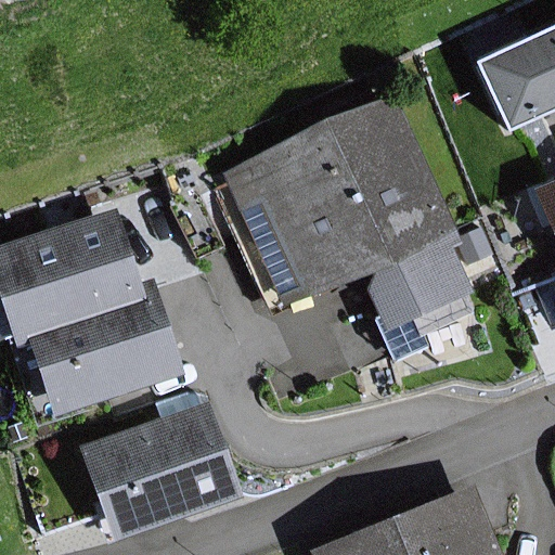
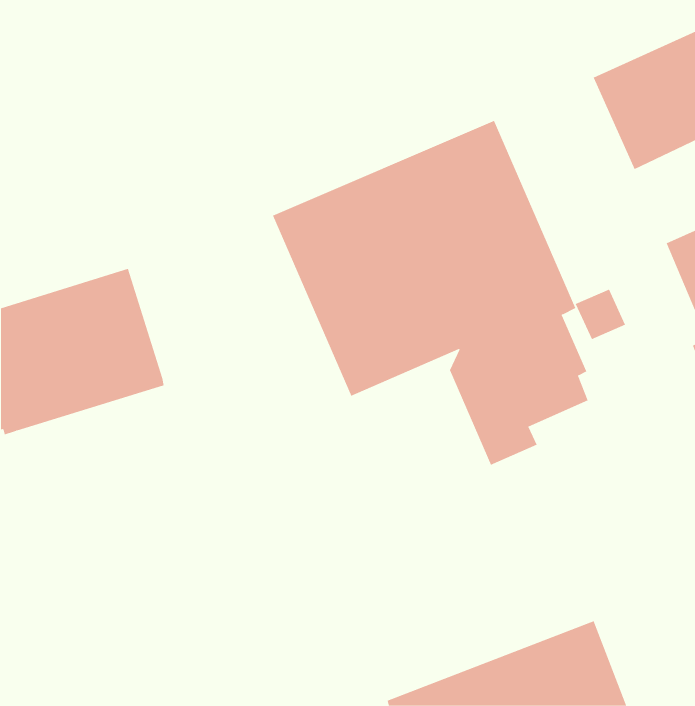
building: [22,292,180,416] -> none
building: [80,392,242,541] -> none

